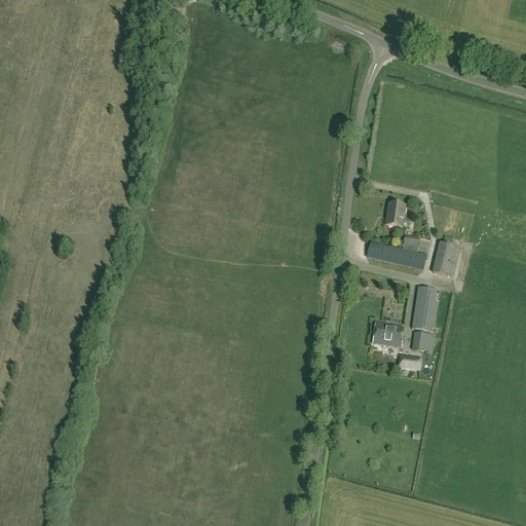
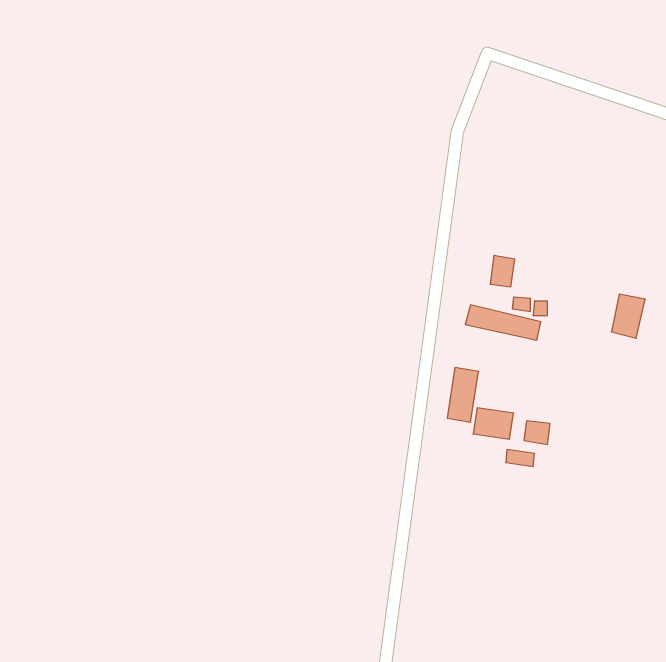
building: [434,241,460,276] -> [611,294,645,338]
building: [412,287,437,330] -> [447,368,478,422]

